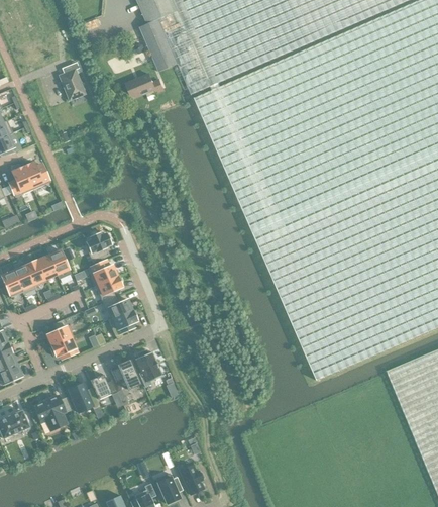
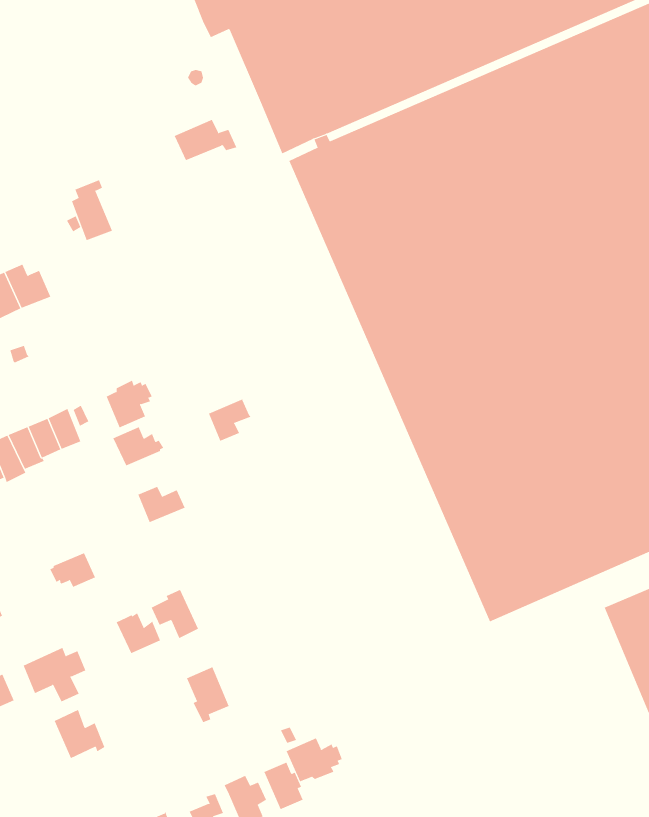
building: [139,19,178,72] -> none
building: [60,63,85,100] -> [71,180,113,241]
building: [96,276,122,302] -> [208,398,251,442]
building: [108,310,137,336] -> none
building: [46,319,73,345] -> none
building: [135,351,161,386] -> [186,666,229,723]
building: [68,383,99,413] -> [54,709,105,759]
building: none -> [286,738,342,782]

